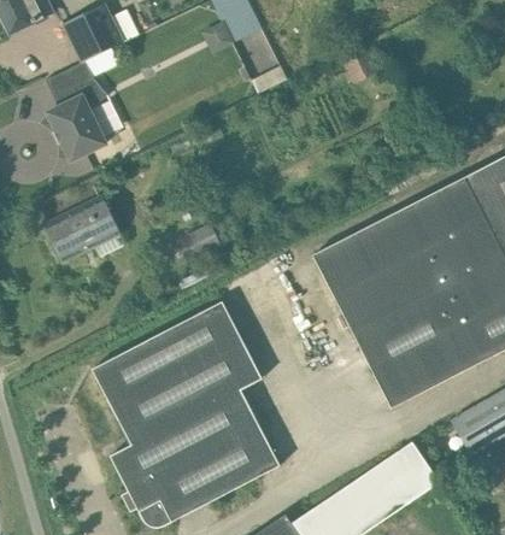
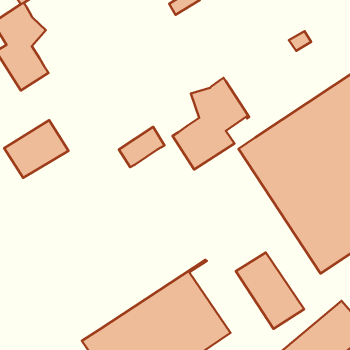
building: none -> [172,78,249,170]
building: [93,300,262,443] -> none
building: none -> [236,252,304,329]

